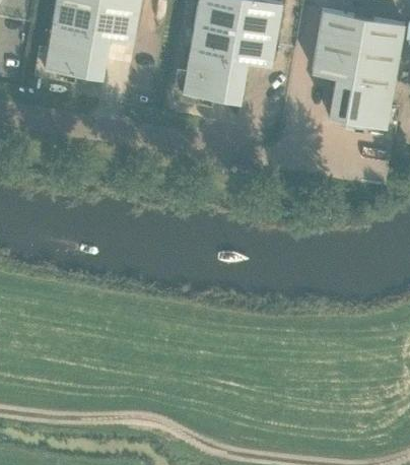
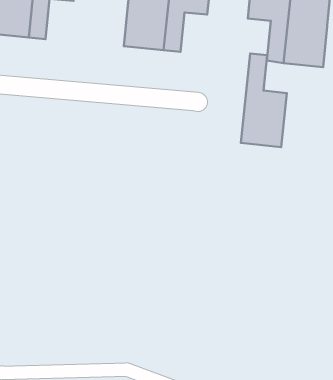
building: none -> [241,53,287,147]

